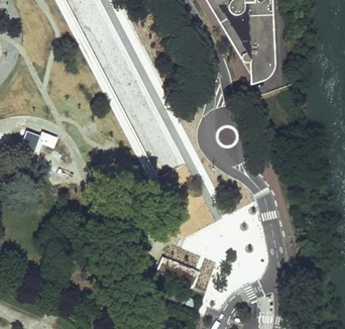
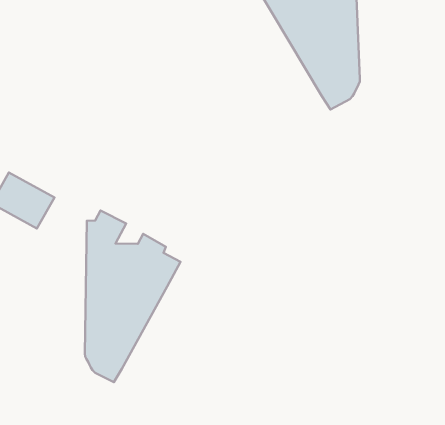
building: none -> [85,210,180,382]

